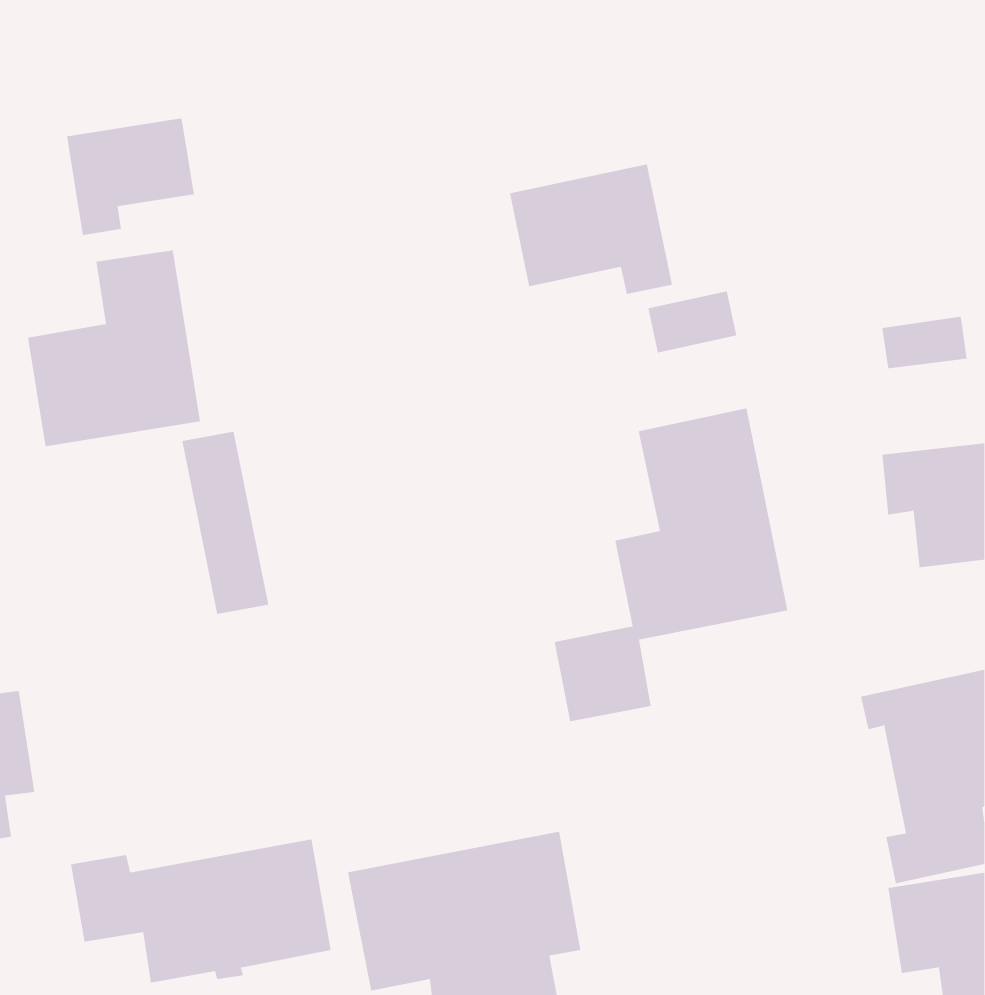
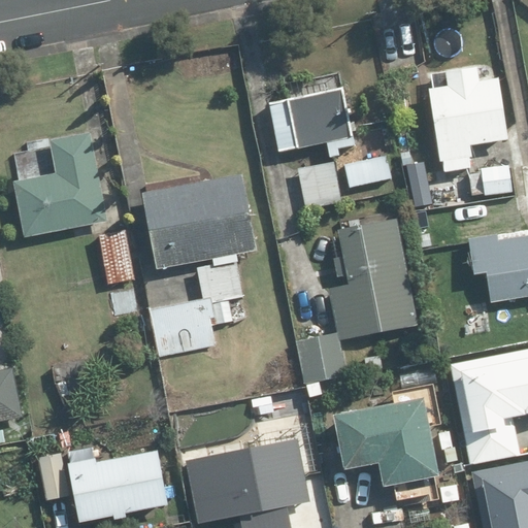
building: [67,117,194,236] -> none
building: none -> [428,66,508,169]
building: none -> [296,162,339,209]
building: none -> [143,175,256,357]
building: none -> [337,394,443,485]

